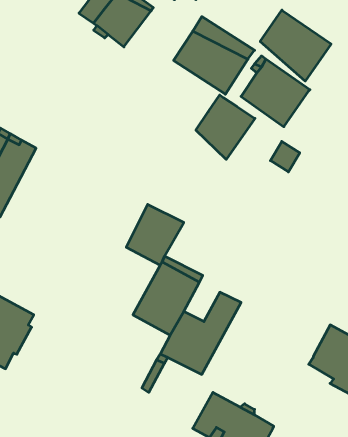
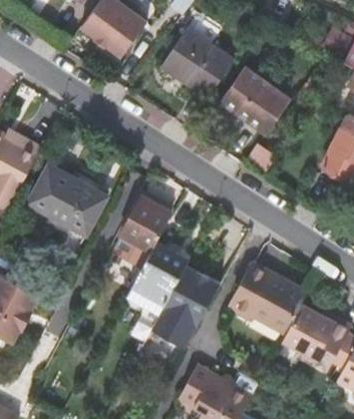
building: [260,10,331,81] -> none
building: [196,95,255,159] -> none
building: none -> [27,167,105,253]
building: none -> [227,262,309,334]

